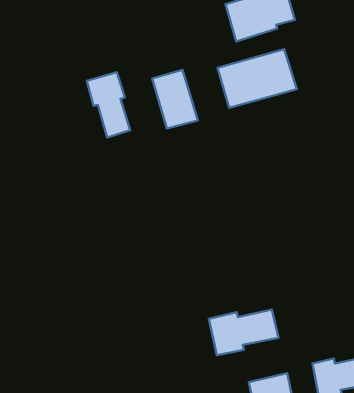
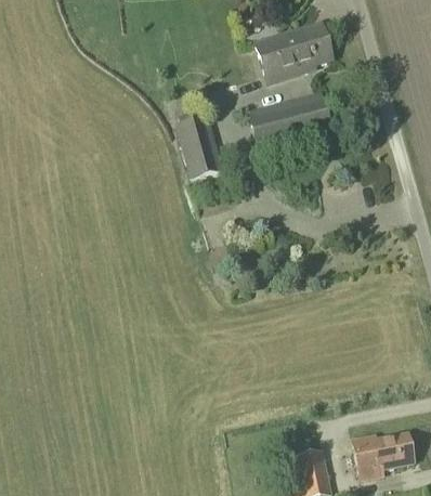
building: [87,72,130,137] -> none
building: [209,310,278,355] -> none

